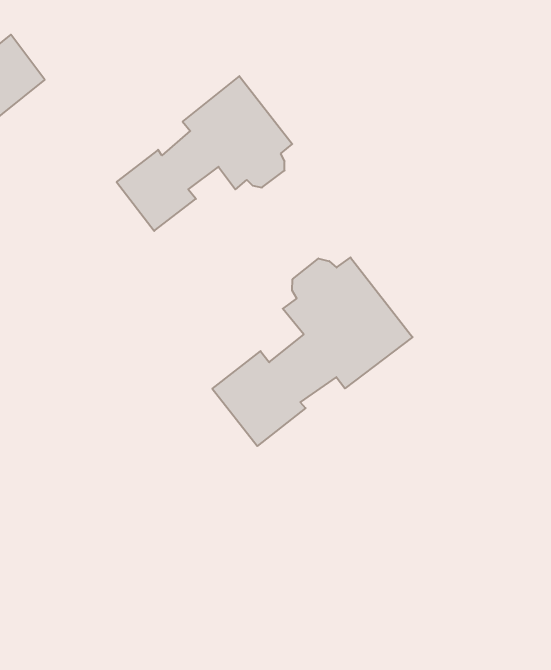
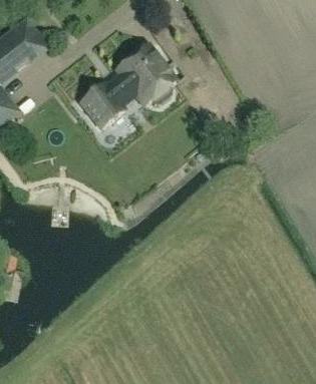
building: [212,257,413,446] -> none

